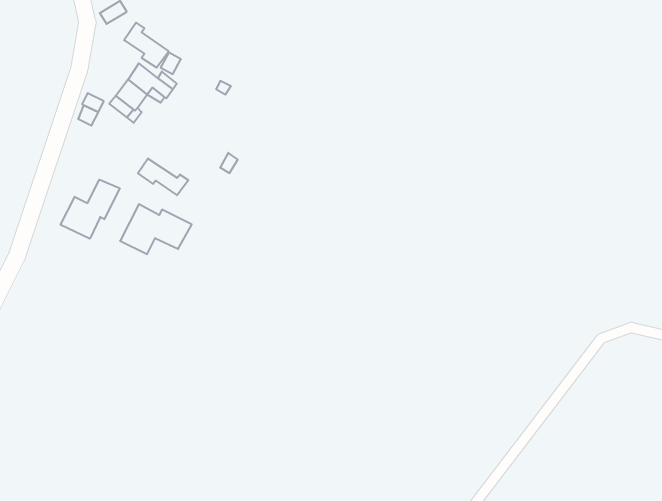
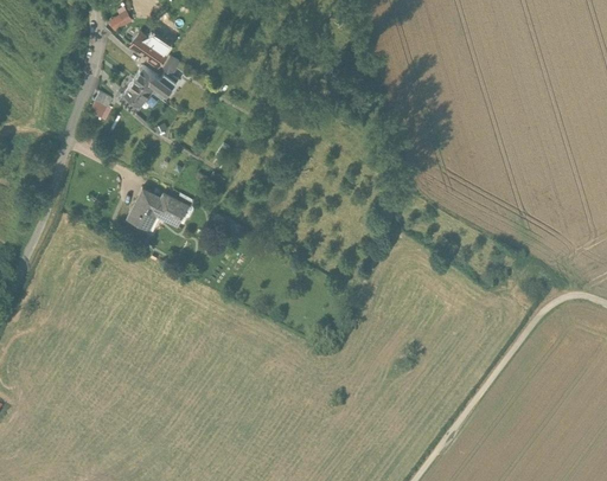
building: [138,158,188,195] -> none
building: [61,180,120,239] -> none

